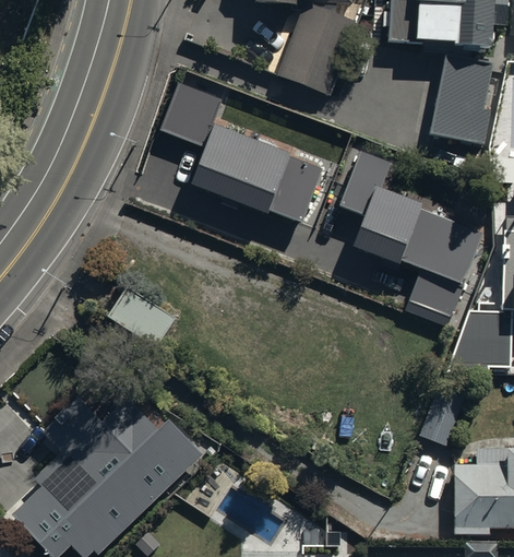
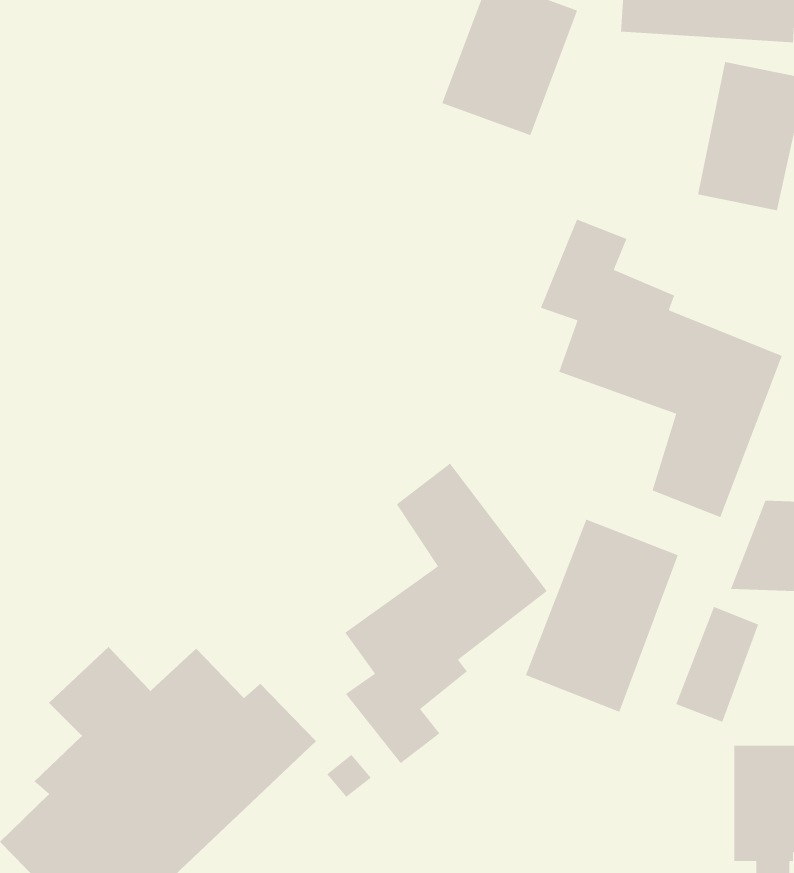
building: [163,86,327,228] -> none
building: [109,285,177,346] -> none
building: none -> [344,463,548,764]
building: none -> [525,518,679,713]

